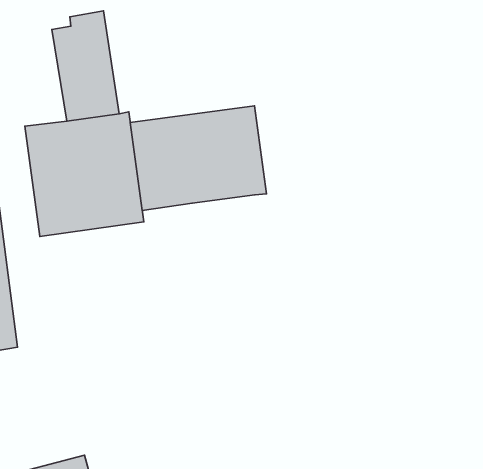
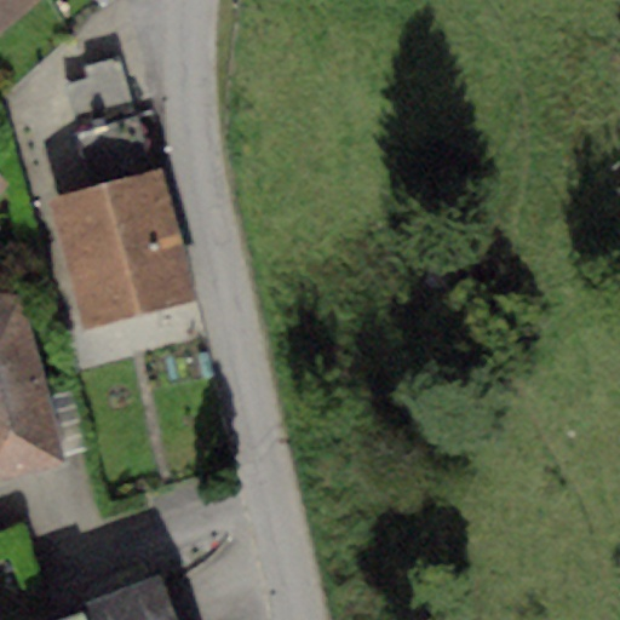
building: [130,106,267,210] -> none

